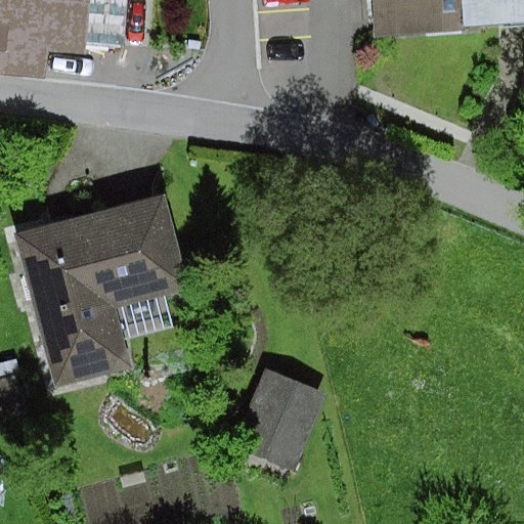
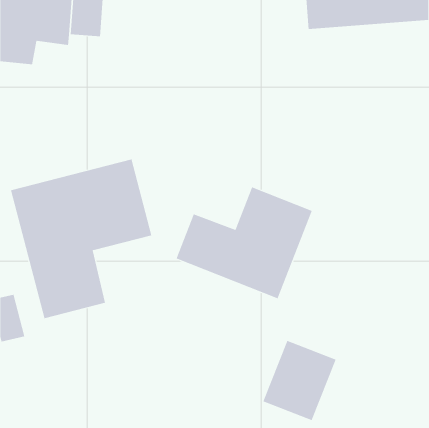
building: none -> [176,186,312,299]
building: [244,370,334,469] -> [262,340,336,421]

